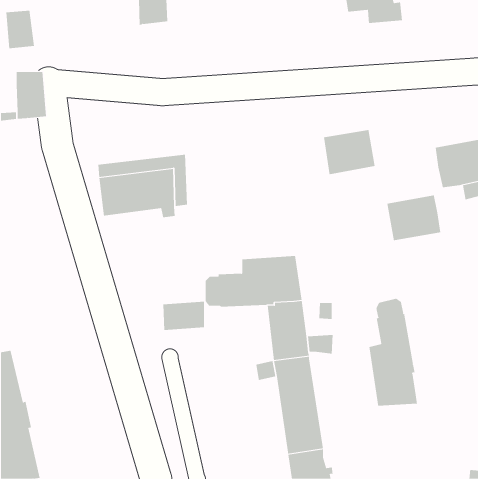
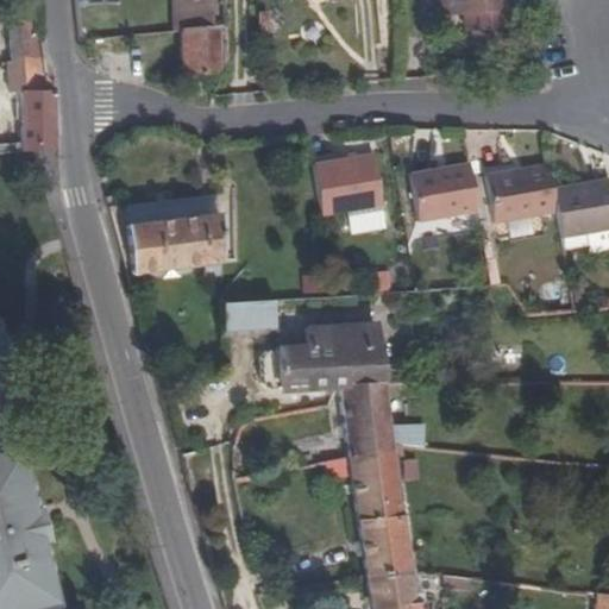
building: none -> [183,26,222,75]
building: none -> [8,58,57,90]
building: none -> [313,153,384,215]
building: [387,195,441,241] -> [488,164,557,222]
building: [369,298,417,406] -> none
building: [162,301,205,330] -> [222,300,276,337]

